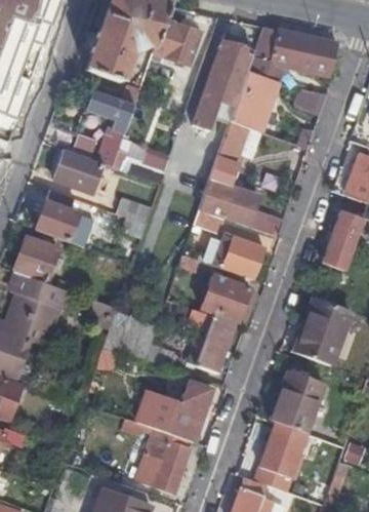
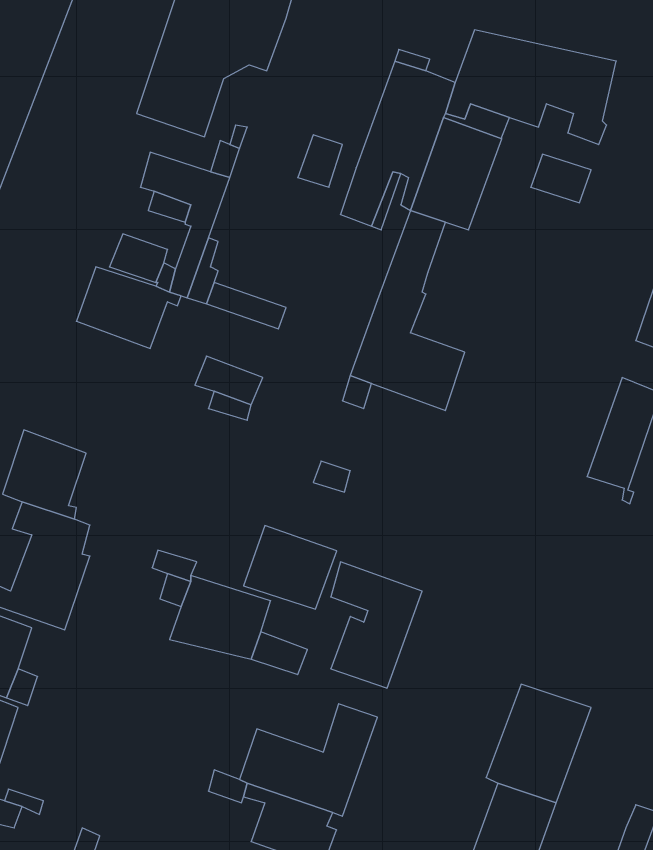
building: [153,19,202,66] -> none
building: [36,190,78,241] -> none
building: [214,233,264,278] -> none
building: [200,276,249,320] -> [244,526,337,609]
building: [295,298,350,365] -> none

